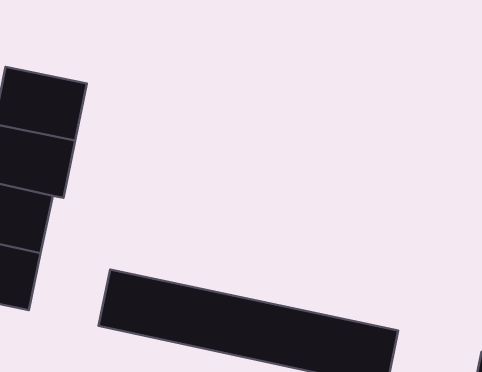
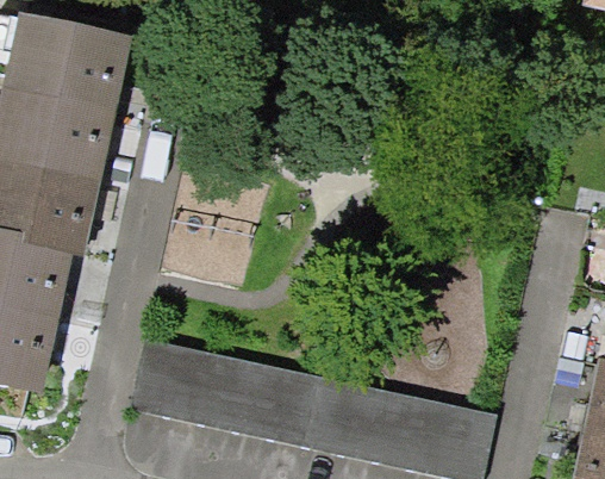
building: none -> [13,19,129,110]

